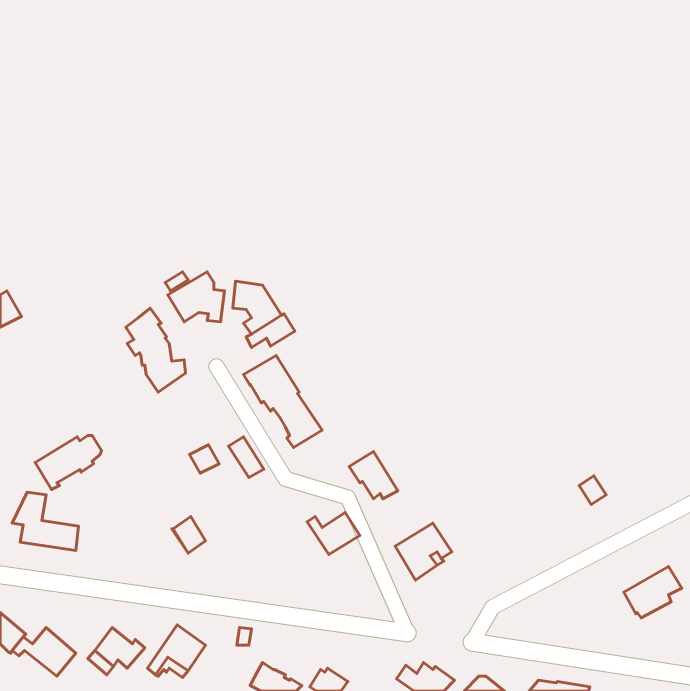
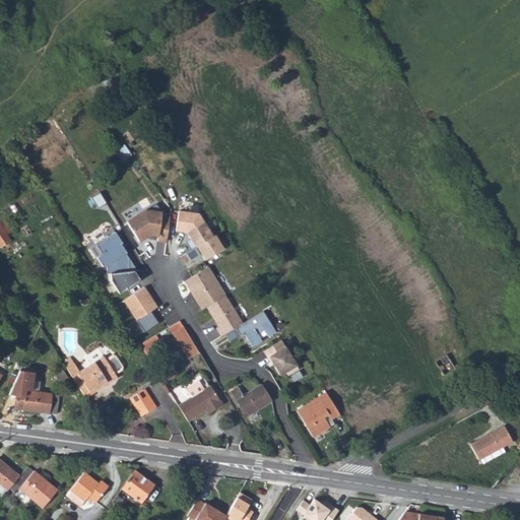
building: none -> [123,287,158,333]
building: none -> [235,311,276,347]
building: [35,436,101,490] -> [72,355,122,396]
building: none -> [178,381,222,421]

